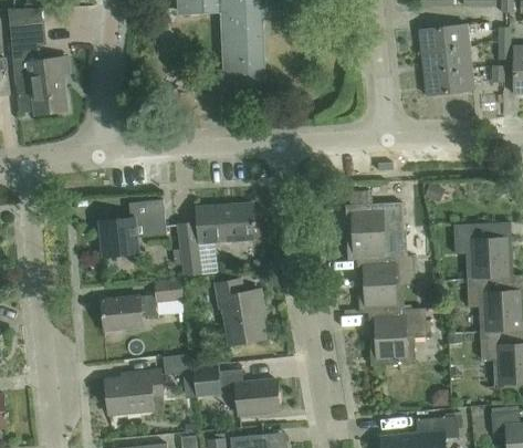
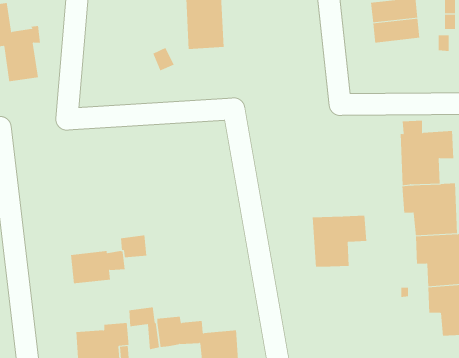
building: [423,67,475,95] -> none
building: [346,189,404,259] -> [400,120,454,186]
building: [101,198,166,256] -> none
building: [179,204,255,277] -> none
building: [218,279,264,344] -> none
building: [367,308,427,365] -> none

